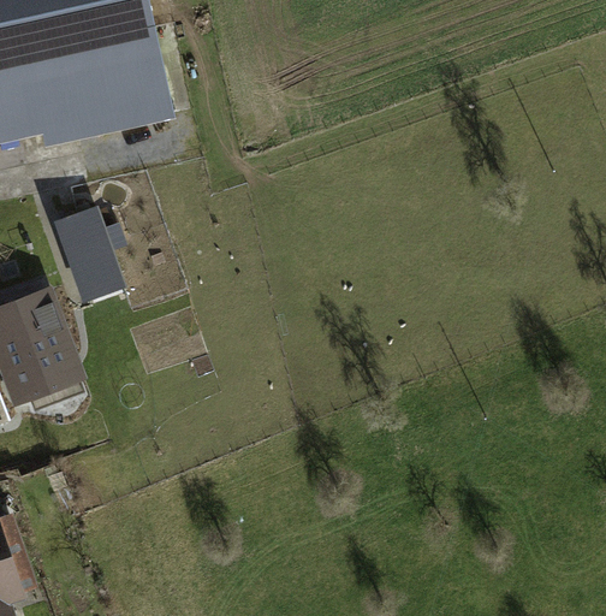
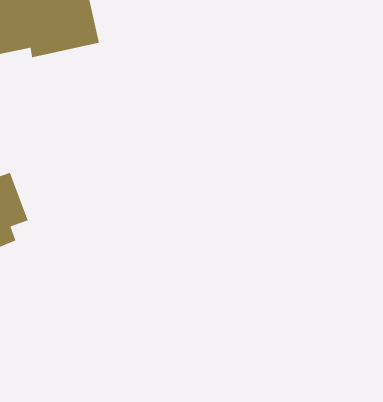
building: [60,211,124,301] -> none

